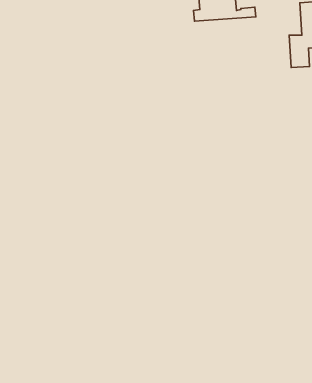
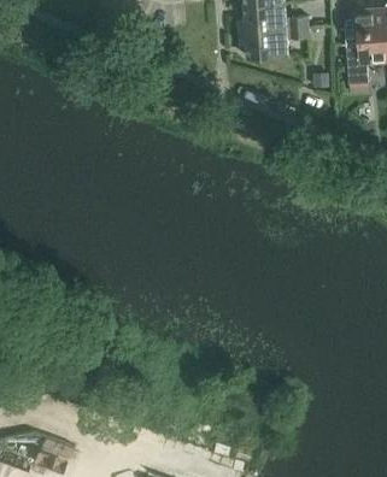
building: none -> [238,26,307,58]

